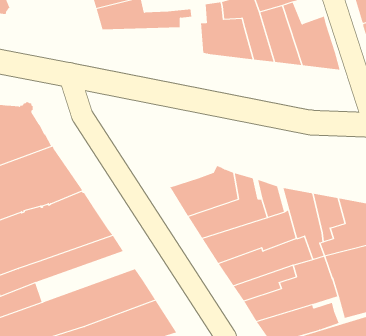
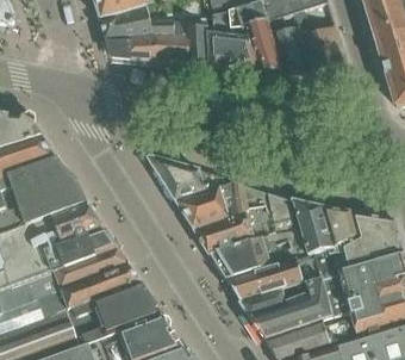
building: none -> [106,24,210,62]
building: none -> [148,157,224,200]
building: none -> [38,266,141,318]

